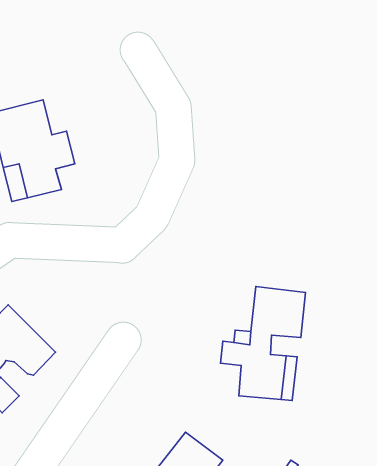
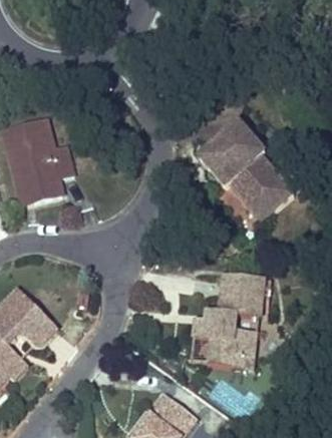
building: none -> [199,122,293,221]

